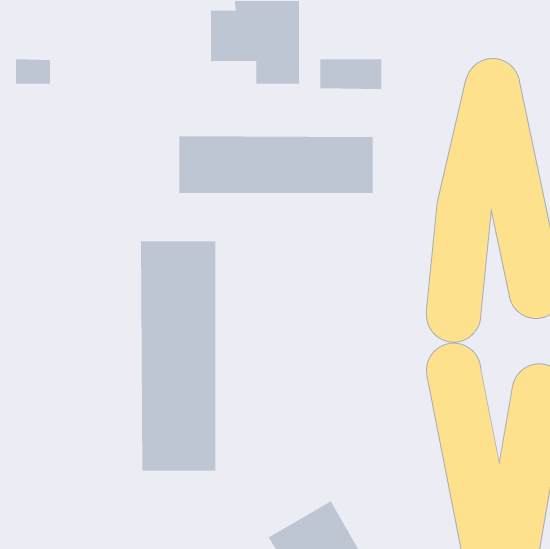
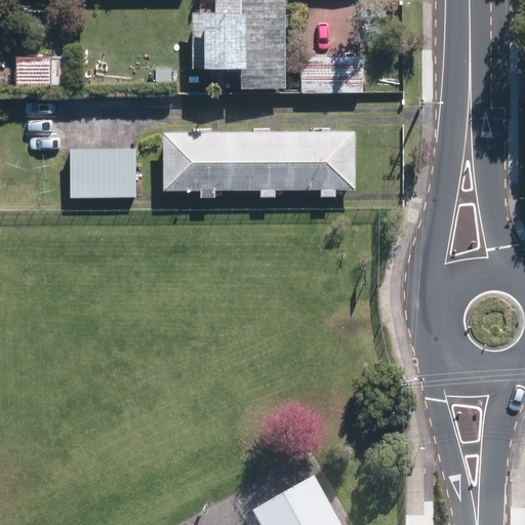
building: none -> [70,154,136,197]
building: [140,240,216,472] -> none

